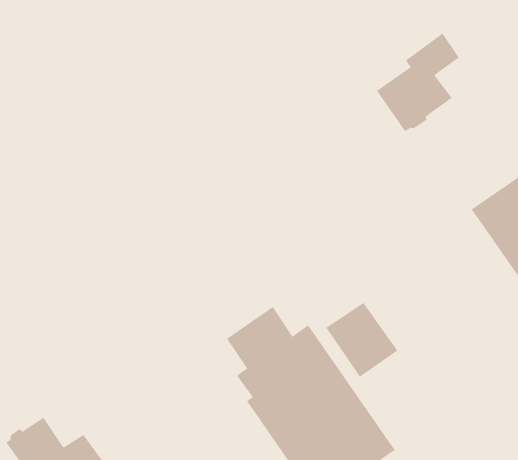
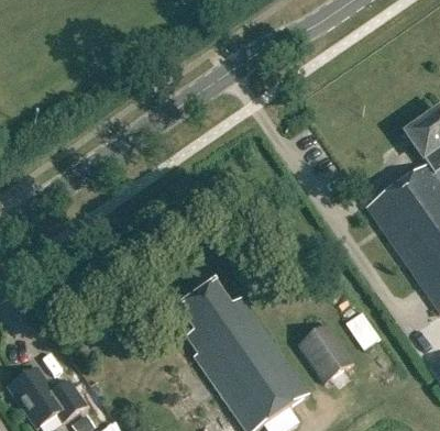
building: [376,32,459,132] -> none
building: [326,302,398,377] -> [298,325,354,384]

